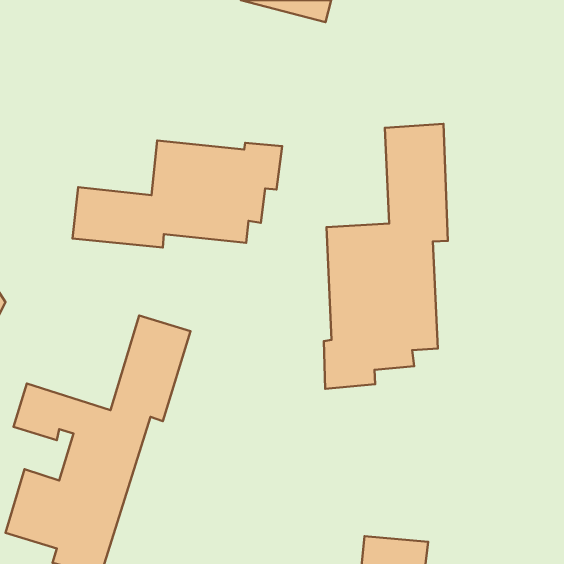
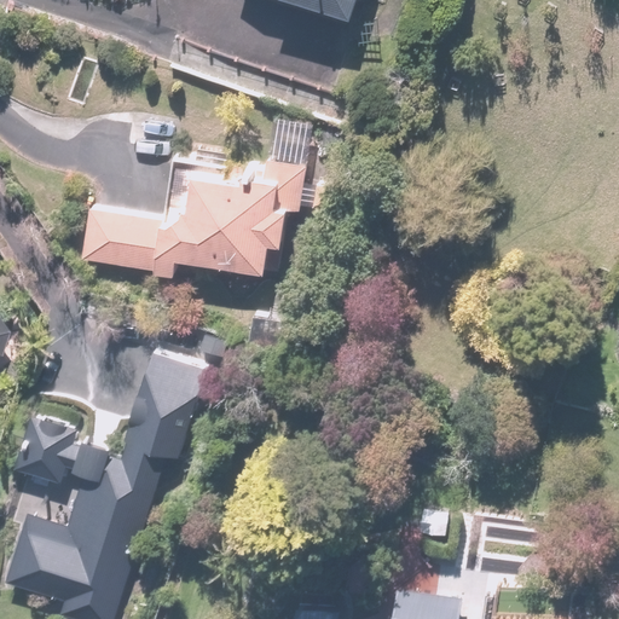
building: [324,124,448,389] -> none

